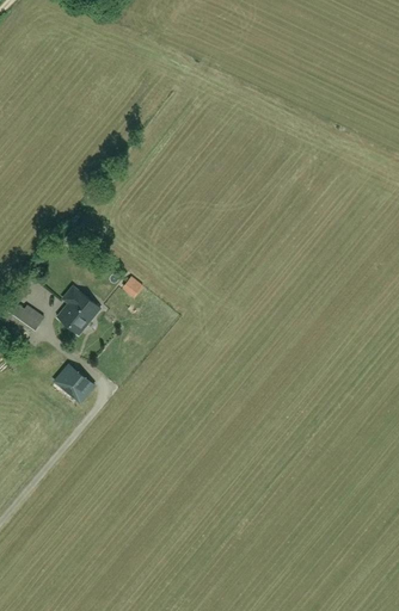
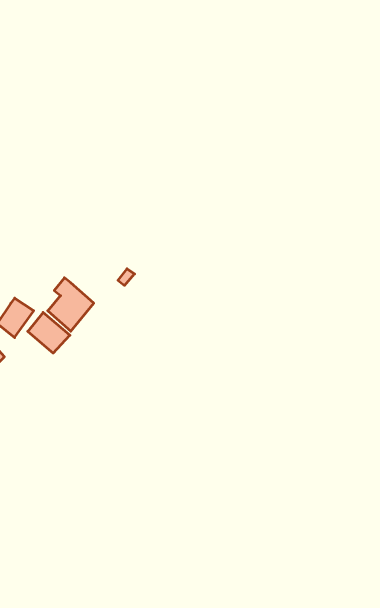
building: [54,364,93,402] -> [28,312,70,353]

